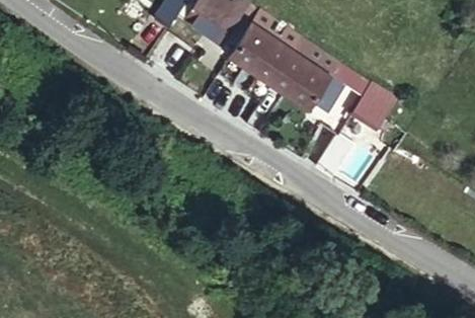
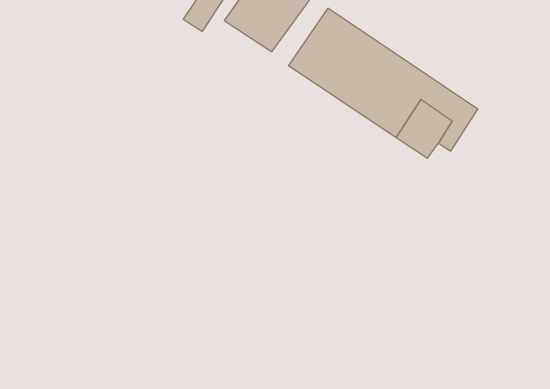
building: [351,85,397,134] -> none

